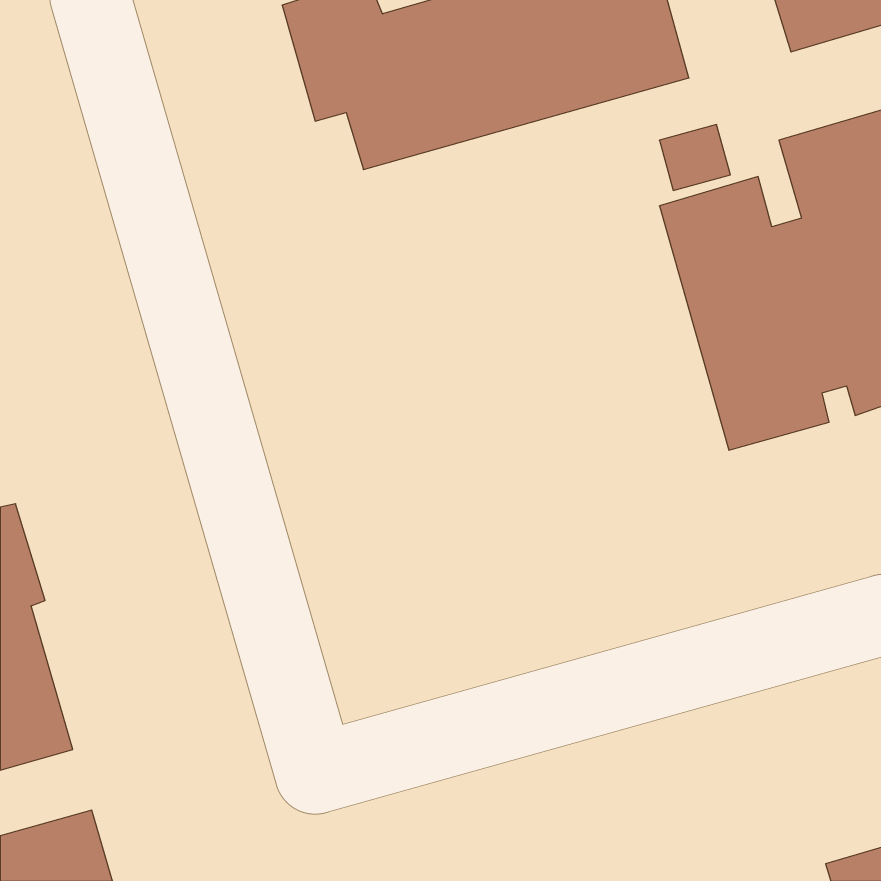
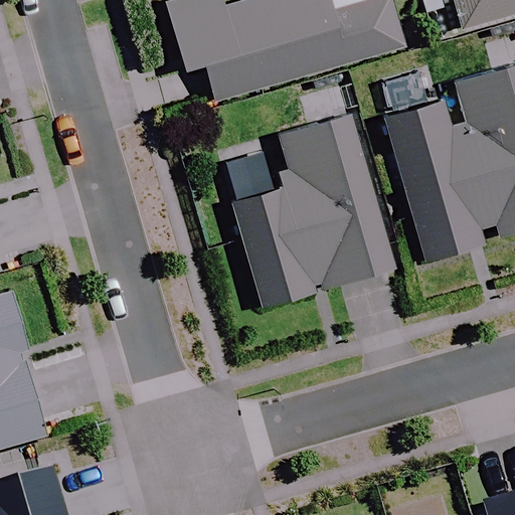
building: none -> [231,115,394,308]

